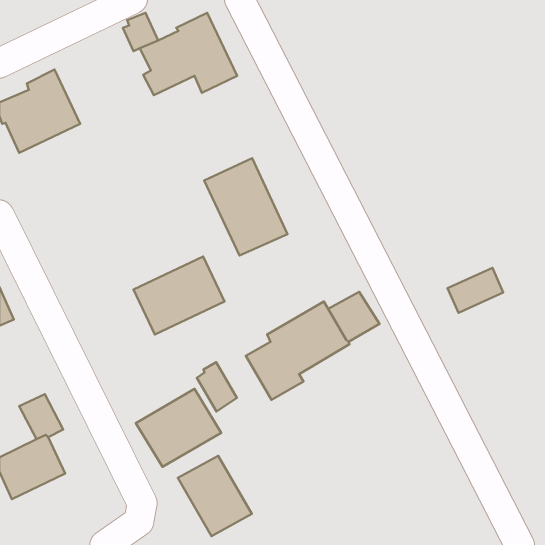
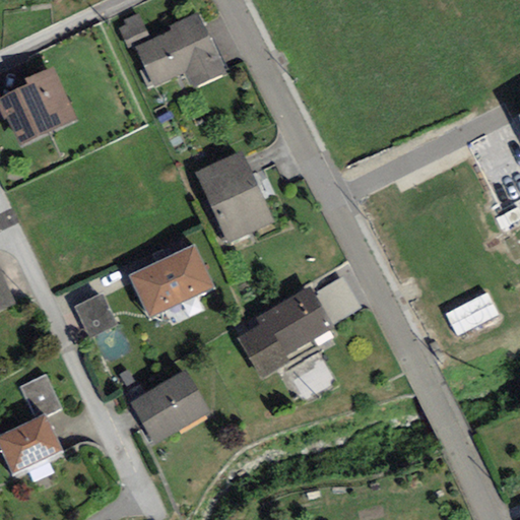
building: [448,268,503,313] -> [447,291,500,334]
building: none -> [72,292,116,339]
building: [197,362,237,411] -> none
building: [178,456,252,536] -> none

